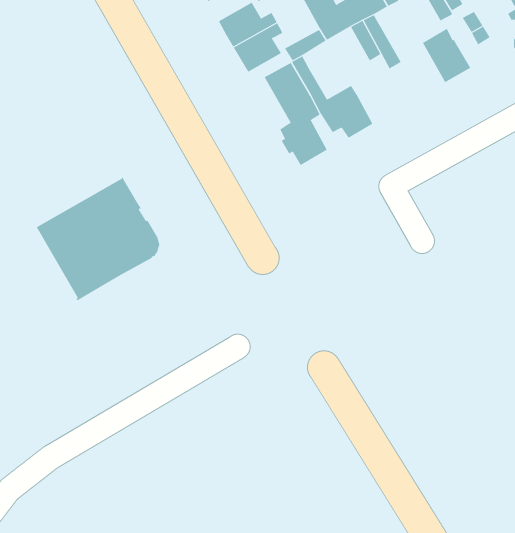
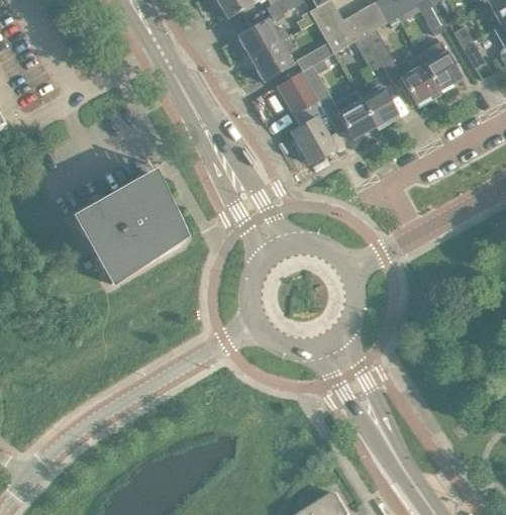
building: none -> [400,55,438,107]
building: none -> [361,77,398,126]

